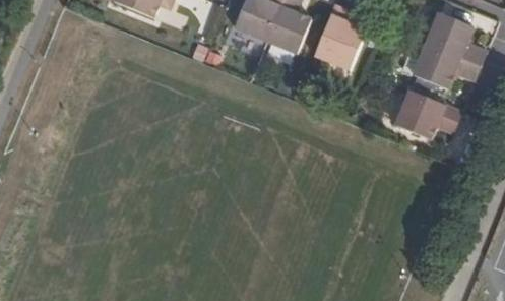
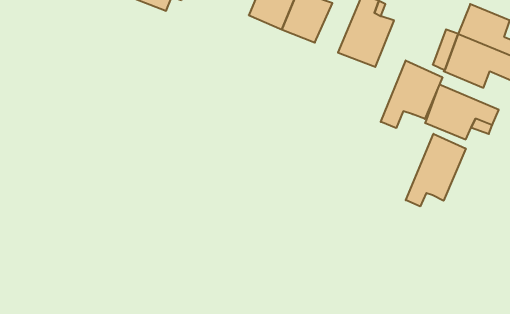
building: none -> [381,60,442,128]
building: none -> [406,134,466,206]

